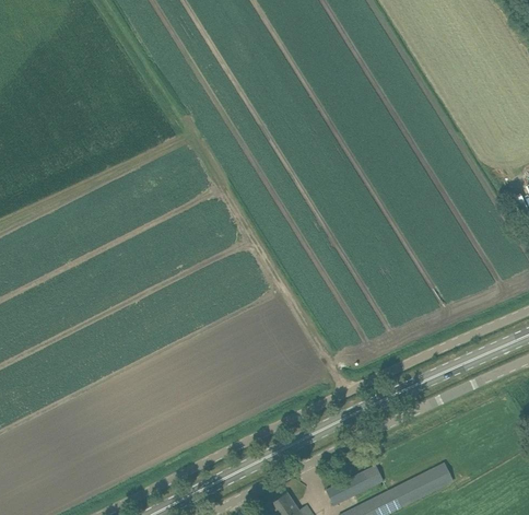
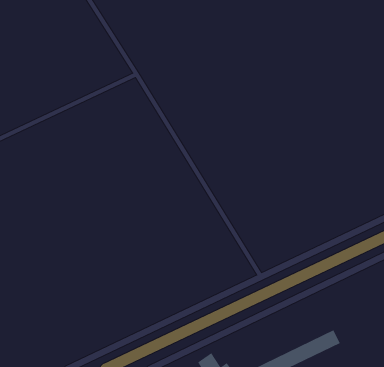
building: [328,465,386,505] -> none

